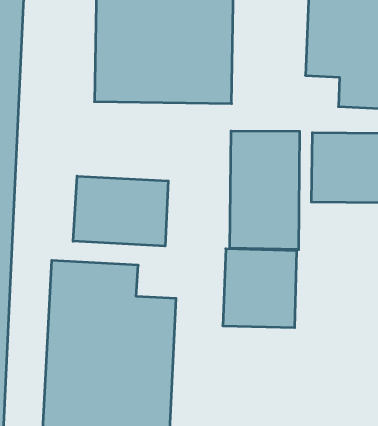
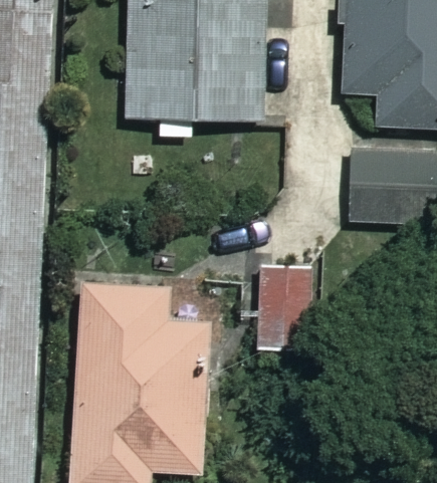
building: [230,131,300,250] -> none
building: [73,176,168,246] -> none

